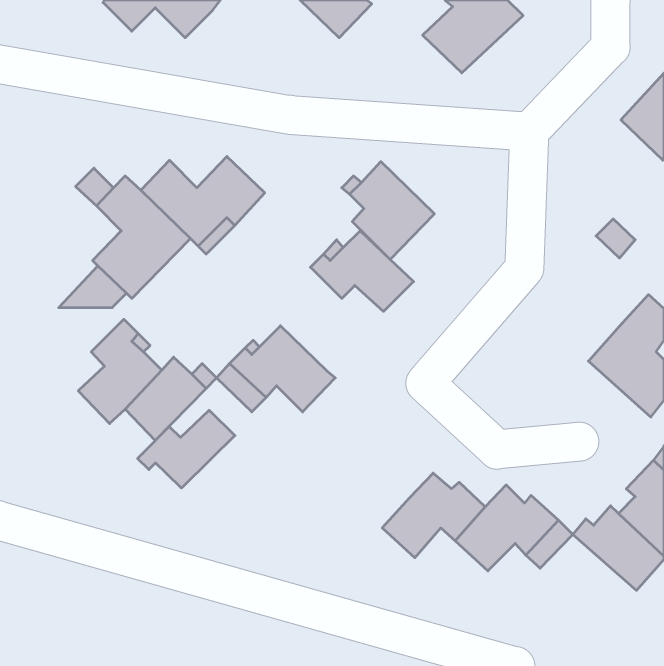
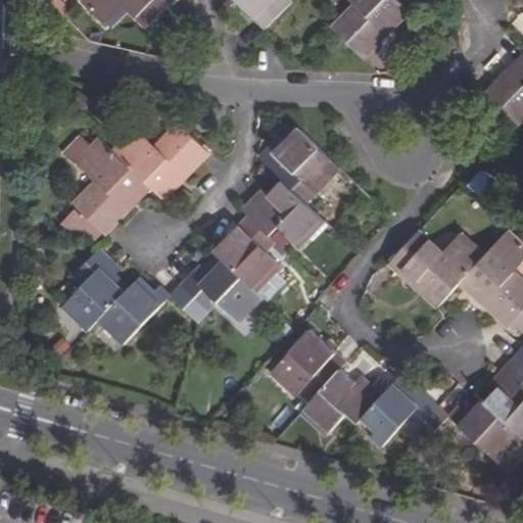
building: none -> [212,213,280,291]
building: none -> [389,230,487,307]
building: [138,410,235,488] -> none
building: none -> [271,333,344,396]

